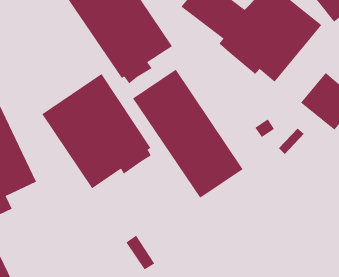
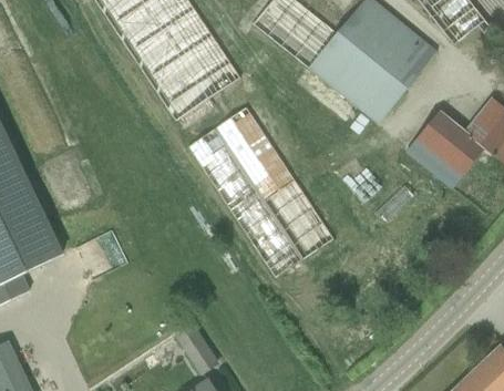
building: [42,73,152,189] -> none

